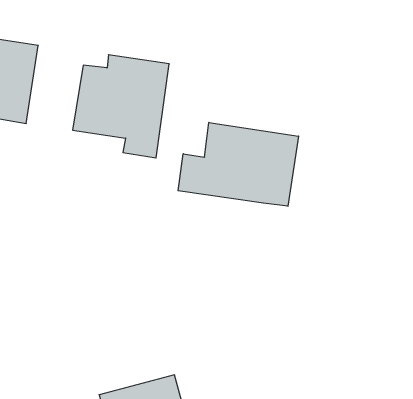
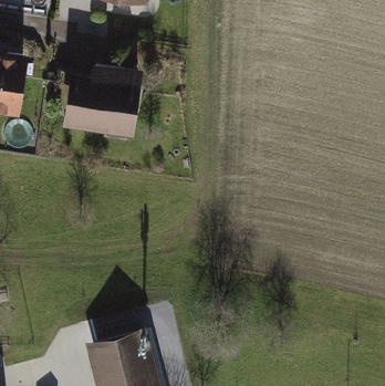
building: [178,122,299,206] -> none

